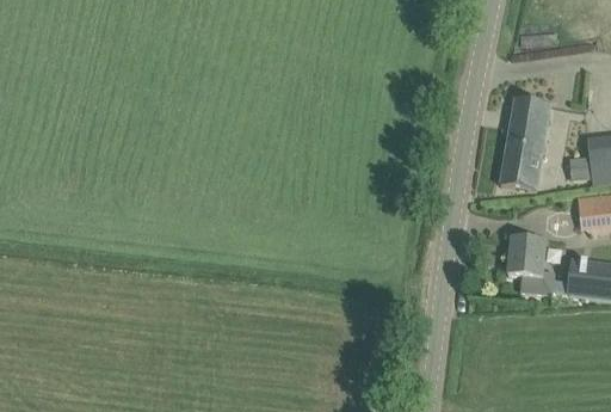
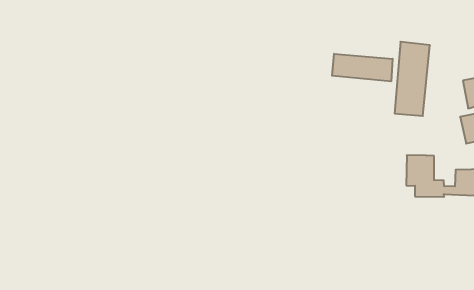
building: none -> [332,54,393,81]

